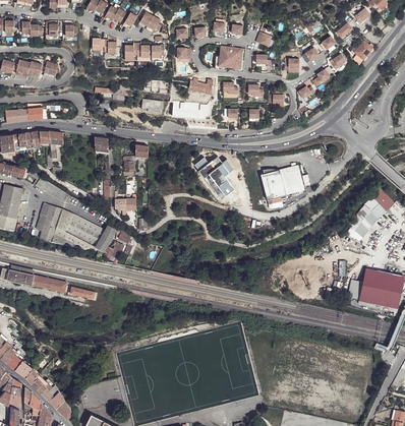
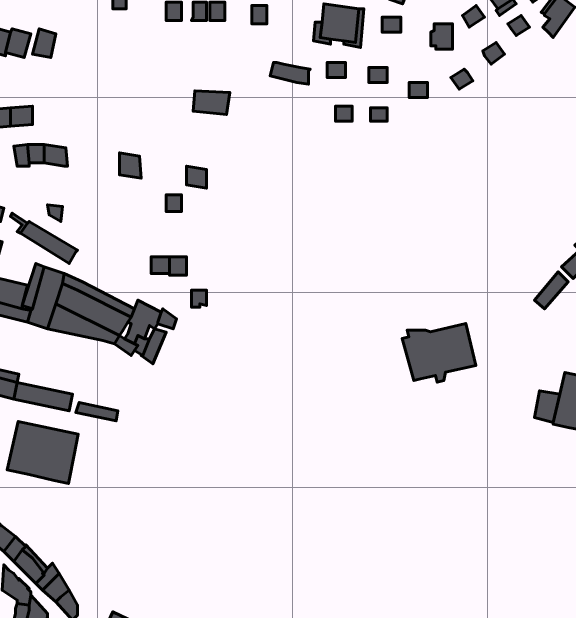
building: [206,159,235,188] -> none
building: [261,165,305,200] -> [402,323,476,382]
building: none -> [7,422,78,483]

